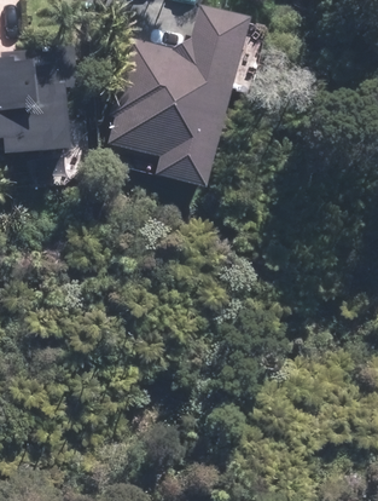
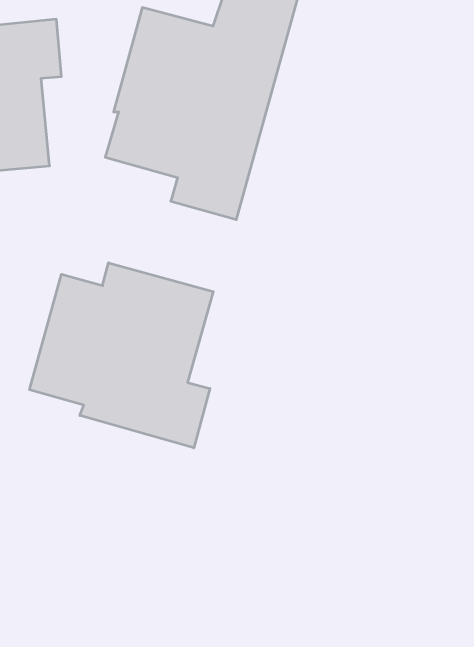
building: none -> [30,263,213,448]

